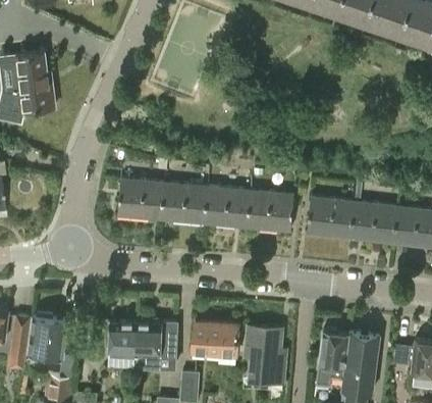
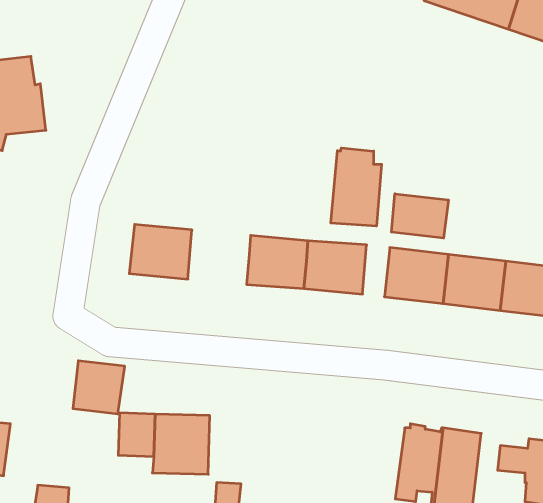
building: none -> [331,148,382,226]
building: none -> [391,194,448,238]
building: [160,184,207,224] -> none
building: [29,316,67,356] -> [73,361,125,414]
building: [192,321,238,353] -> none
building: [246,325,284,384] -> none

